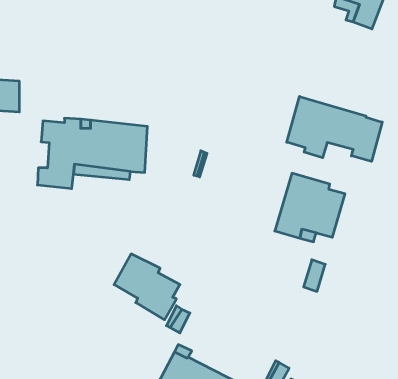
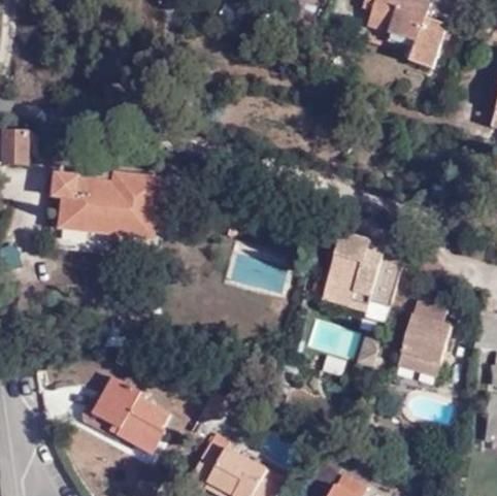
building: [287,96,382,161] -> none
building: none -> [394,300,450,376]
building: [114,254,180,320] -> [92,382,167,457]

